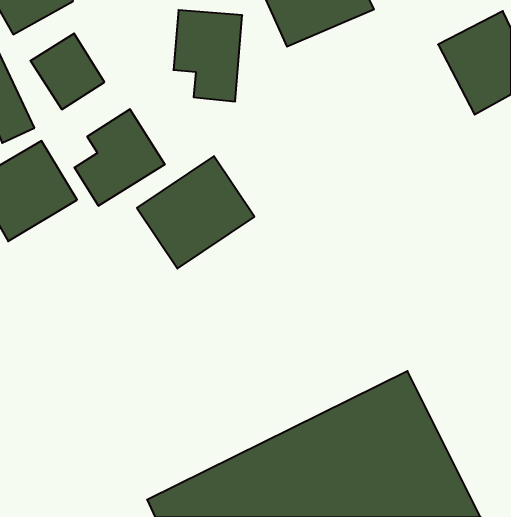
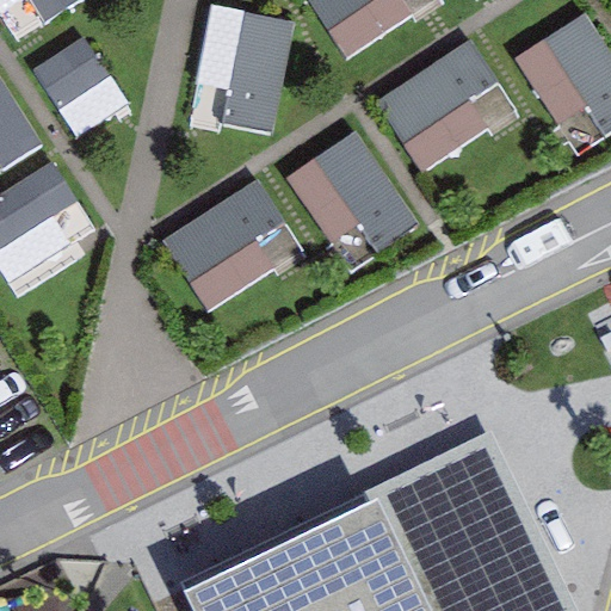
building: none -> [376,42,495,174]
building: [74,109,165,206] -> none
building: none -> [288,130,416,265]

